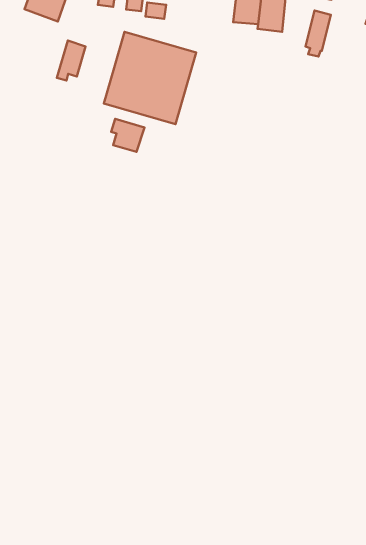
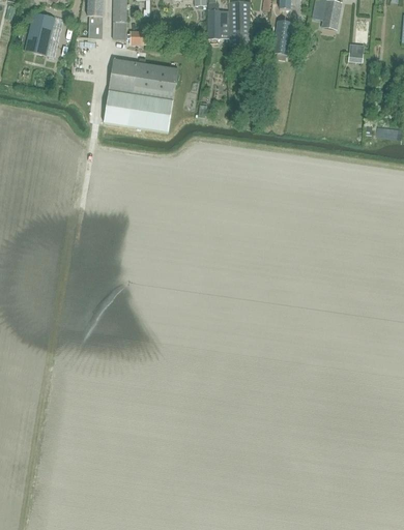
building: [57,40,85,81] -> none
building: [111,119,145,152] -> none

